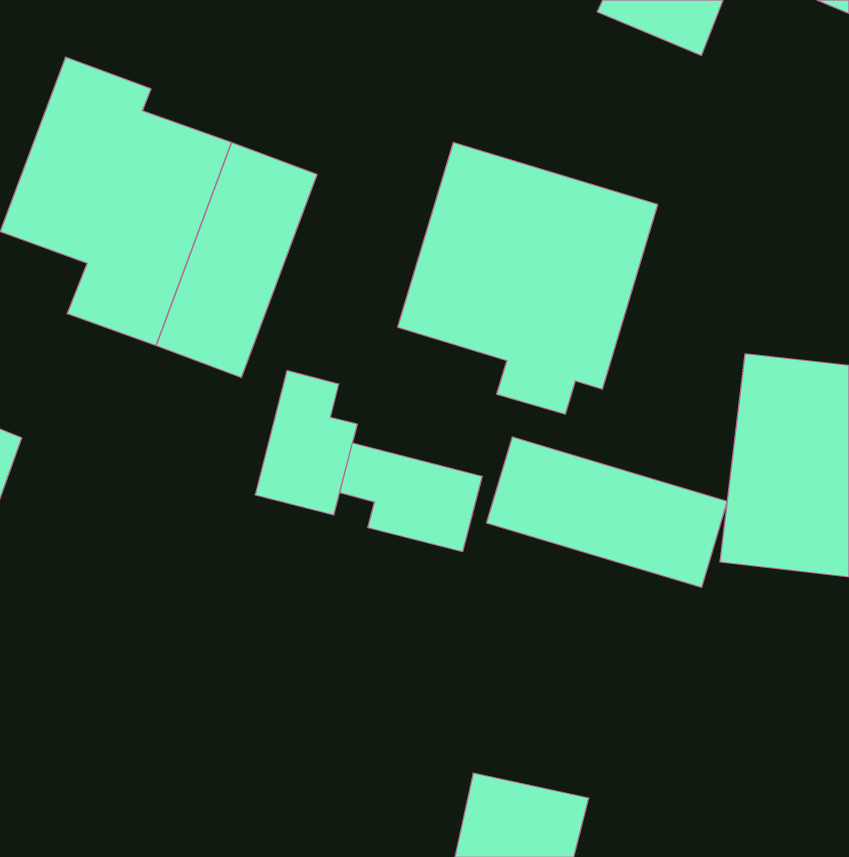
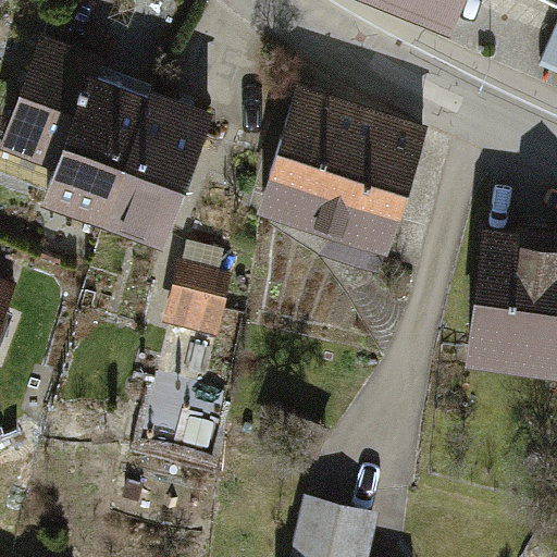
building: [487,437,727,587] -> none
building: [340,443,482,552] -> none

